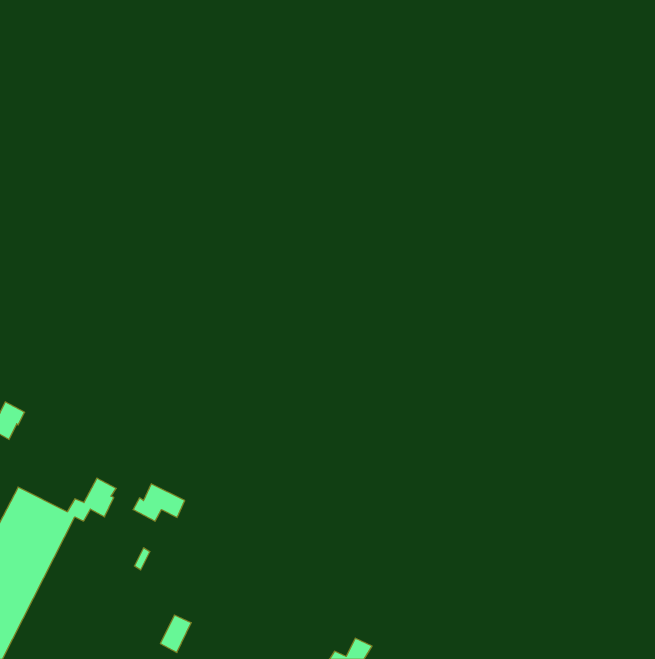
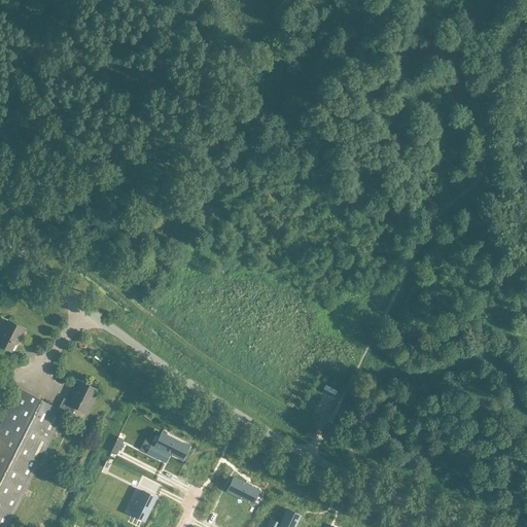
building: [133,484,185,521] -> [143,431,184,461]
building: none -> [223,477,254,502]

